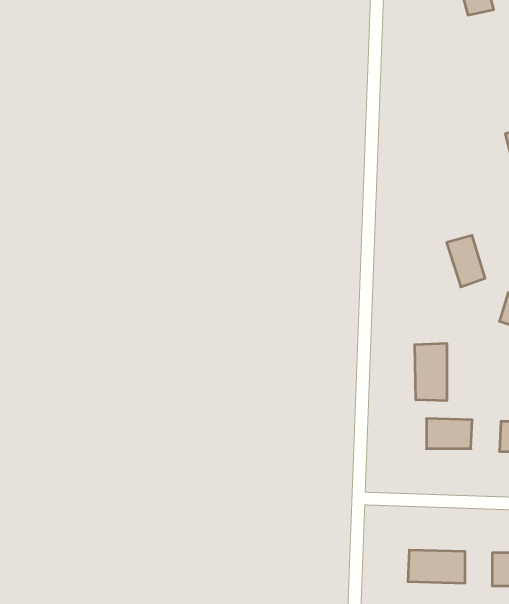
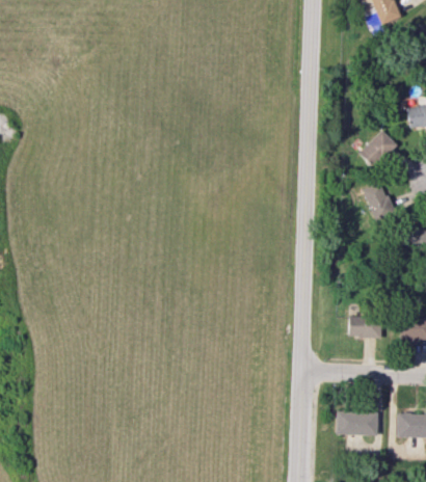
building: none -> [361,130,399,168]
building: [415,343,447,401] -> none

